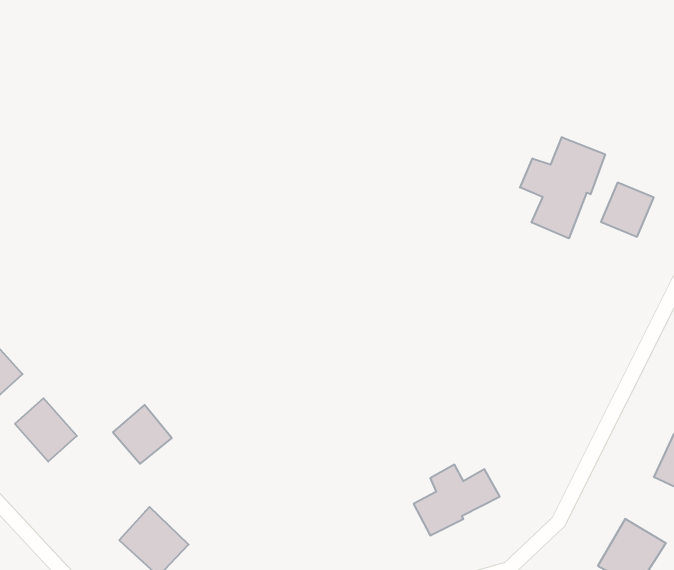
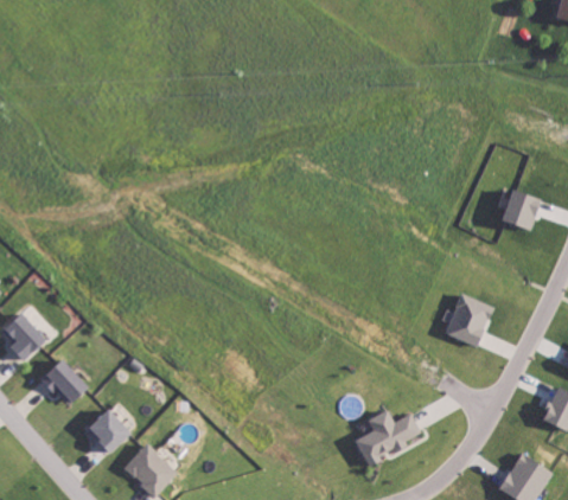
building: [520,137,605,238] -> none
building: none -> [443,295,490,346]
building: [113,405,172,464] -> [84,408,130,454]

